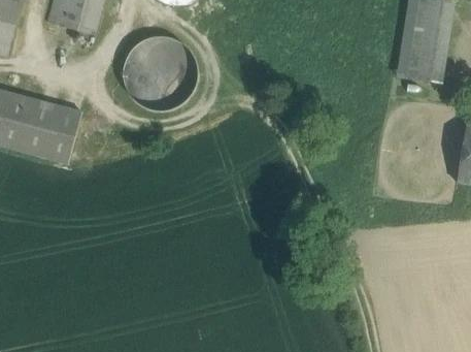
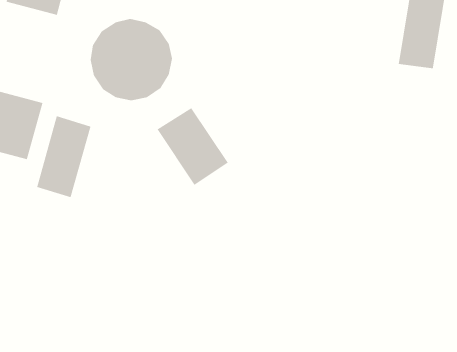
building: none -> [157,107,229,186]
building: none -> [36,115,91,198]

